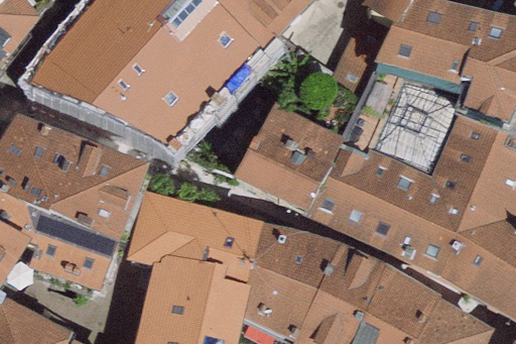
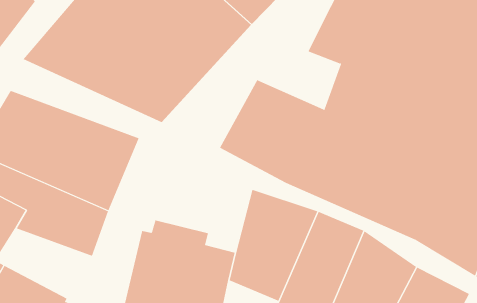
building: [129,191,267,286] -> none

